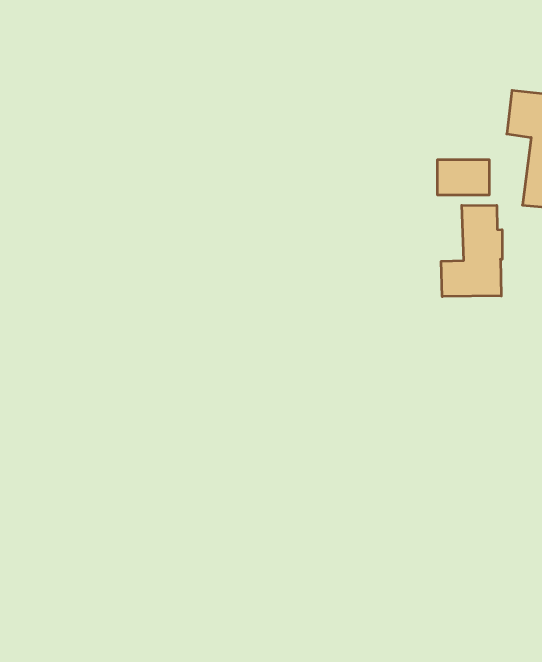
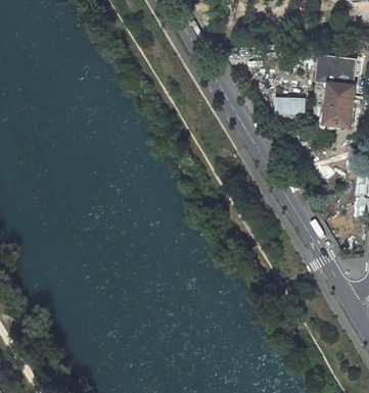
building: [441,205,502,297] -> none

